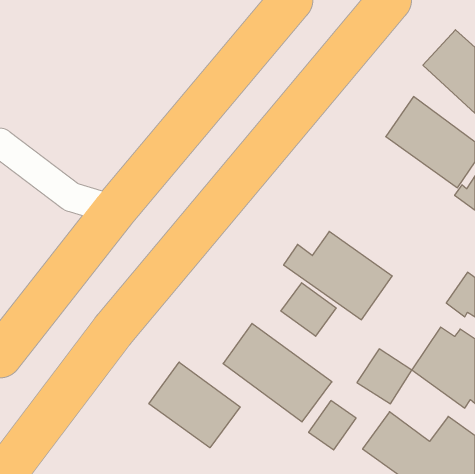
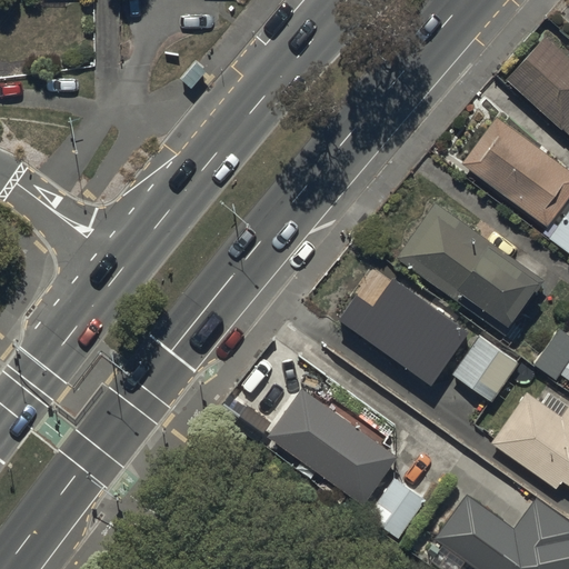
building: none -> [397,204,545,336]
building: [281,283,336,336] -> none
building: [357,349,412,404] -> [451,336,517,401]
building: [149,362,240,448] -> none

